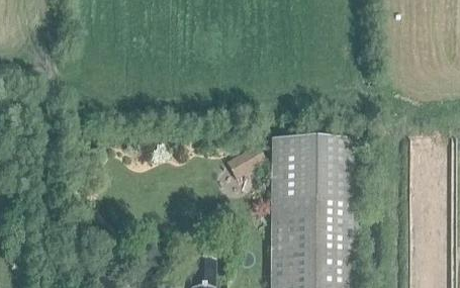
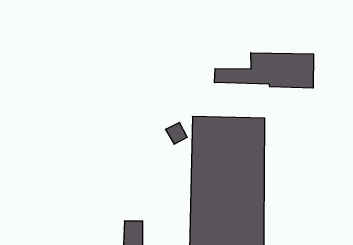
building: none -> [215,53,314,88]

